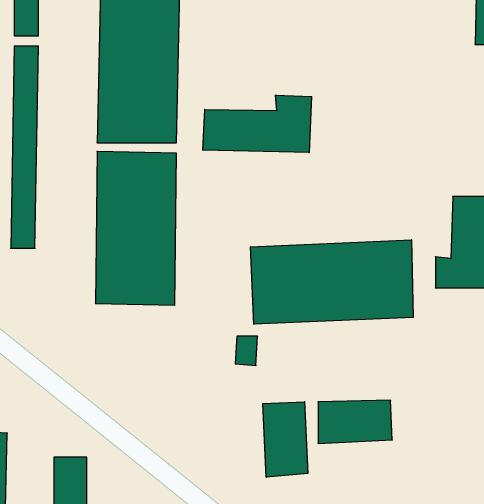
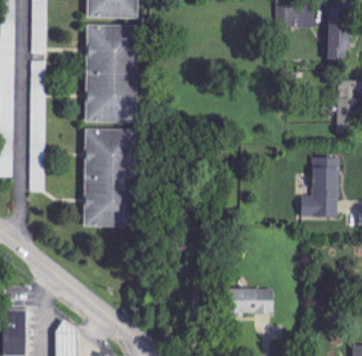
building: [203,95,312,153] -> none
building: [251,240,413,324] -> none
building: [263,402,308,477] -> none

